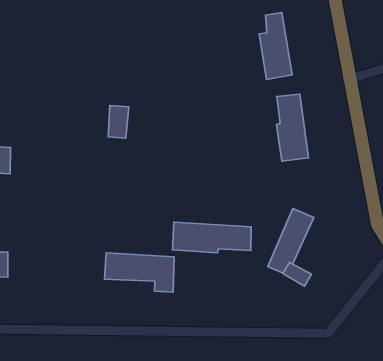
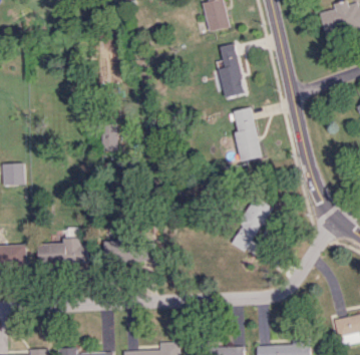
building: [173,222,251,253] -> none
building: none -> [38,238,89,265]

